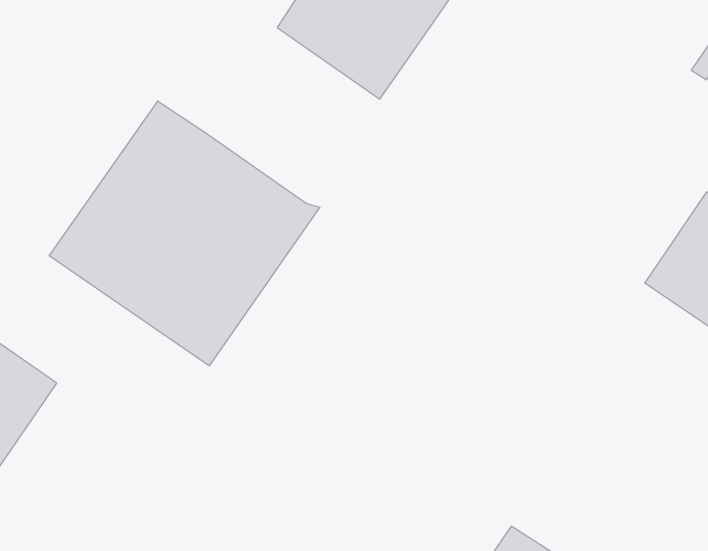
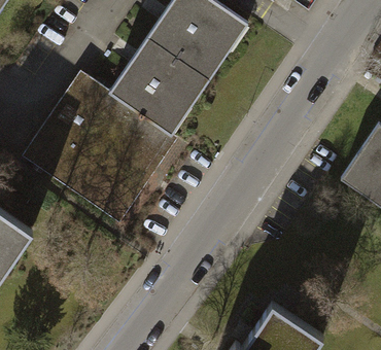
building: none -> [111,40,205,134]

